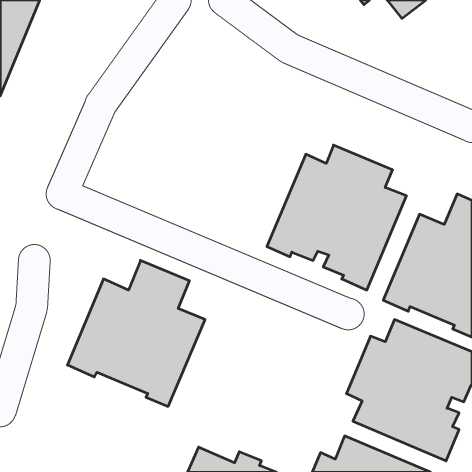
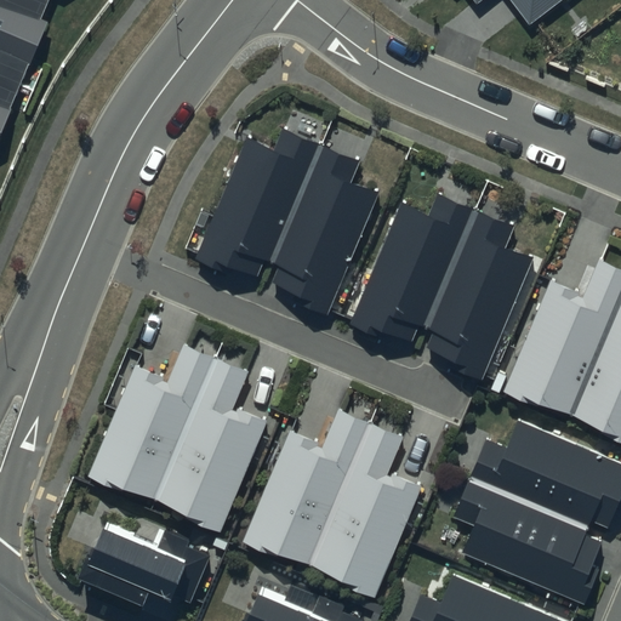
building: none -> [196,126,380,317]
building: none -> [241,406,423,598]
building: none -> [79,522,209,606]

